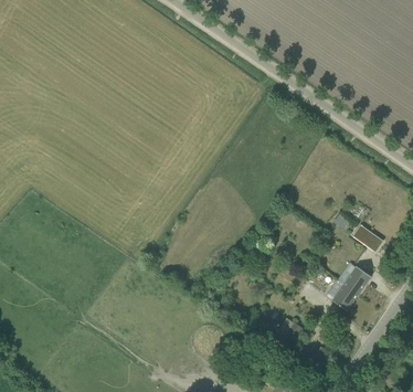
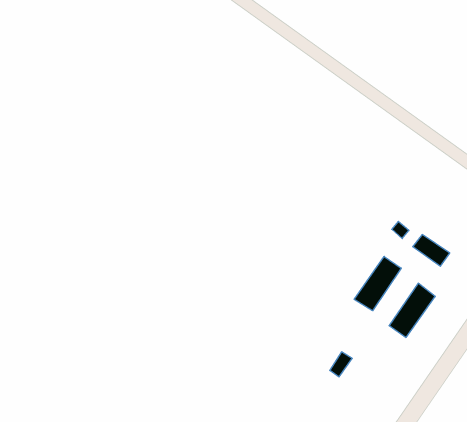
building: none -> [354,256,401,311]

